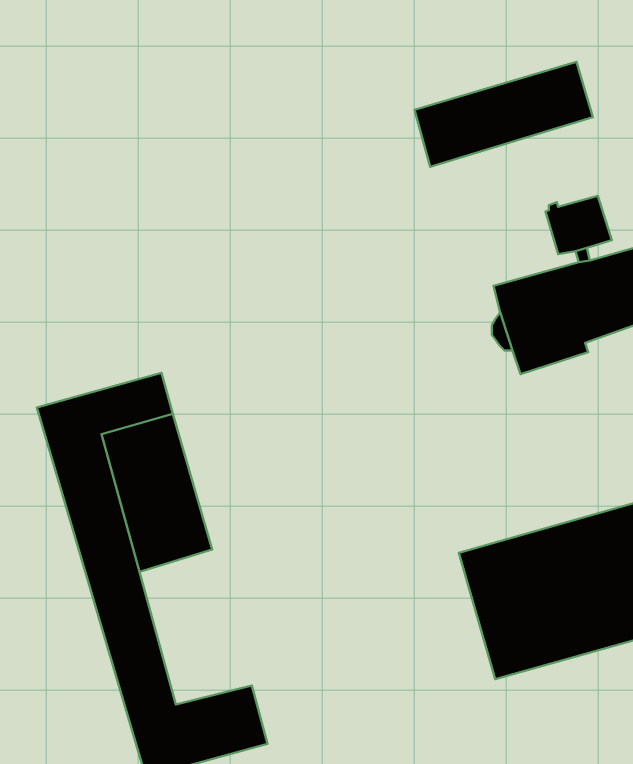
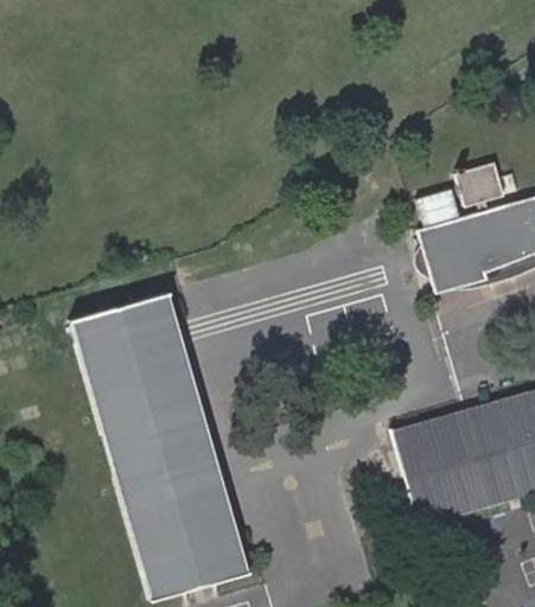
building: [415,62,593,167] -> none
building: none -> [151,428,235,544]

